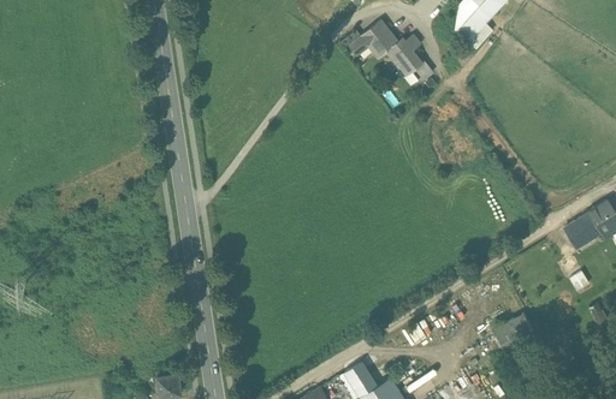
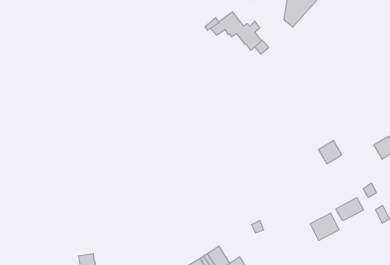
building: [564,214,598,248] -> [319,141,342,164]
building: none -> [336,198,363,221]

